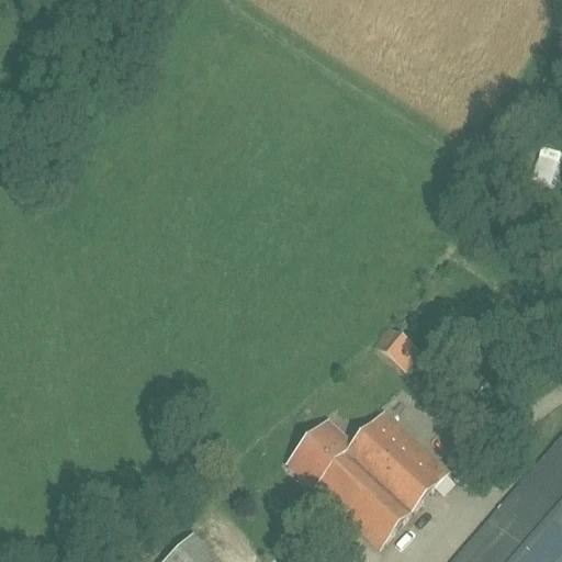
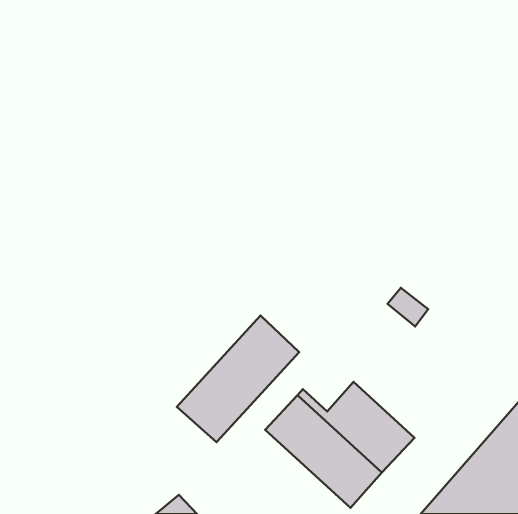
building: [376,328,420,370] -> [388,288,428,326]
building: none -> [177,316,299,442]

